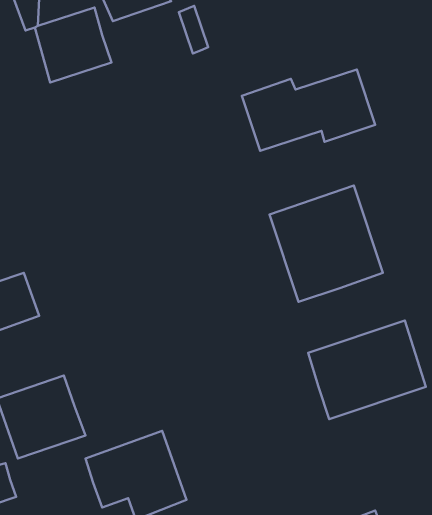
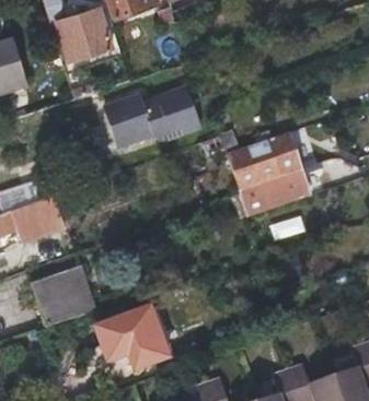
building: [242,70,375,151] -> [103,89,198,146]
building: [308,320,426,419] -> none

